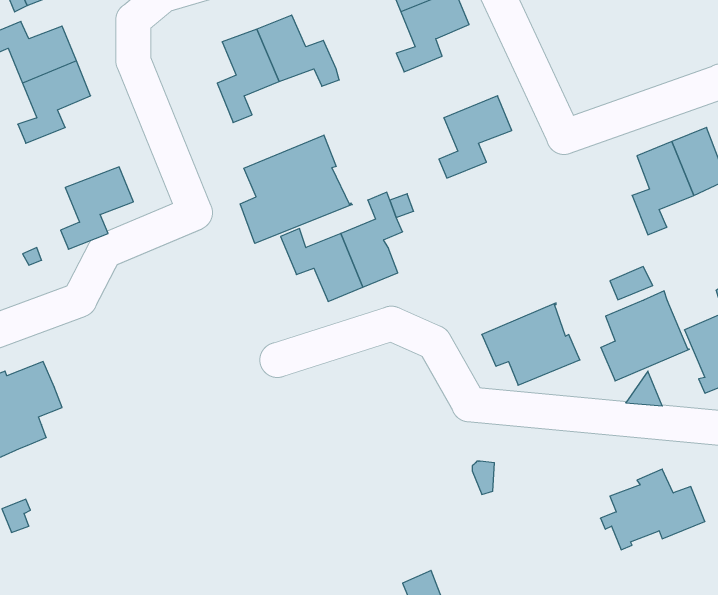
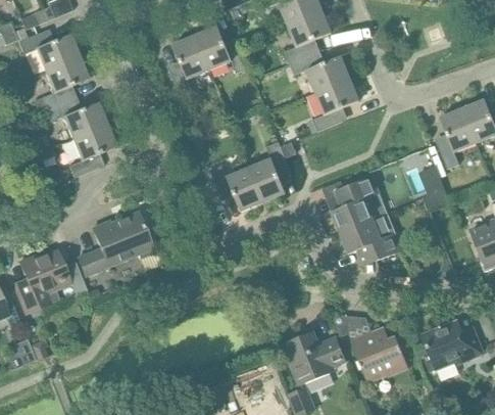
building: none -> [290,52,350,92]
building: none -> [46,98,106,137]
building: [240,135,352,243] -> none
building: [601,291,689,381] -> [331,174,388,232]
building: none -> [78,214,158,275]
building: none -> [351,327,408,375]
building: none -> [286,330,346,384]

